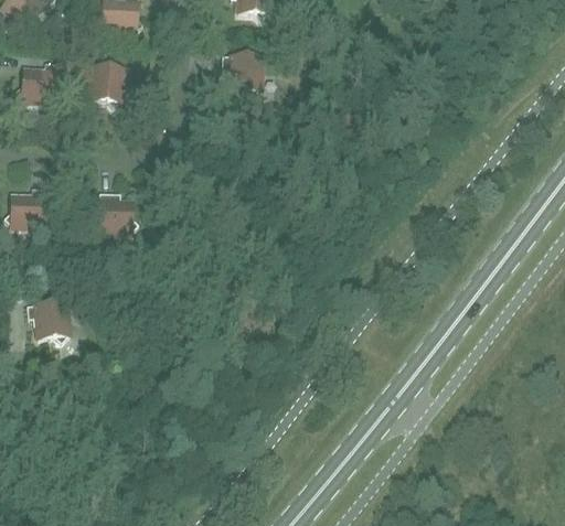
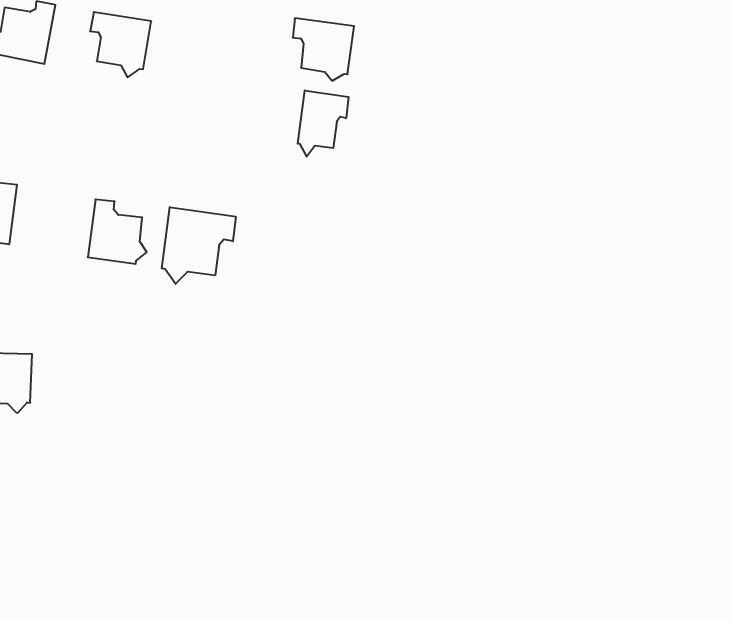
building: none -> [298,90,349,157]
building: none -> [162,207,236,284]

